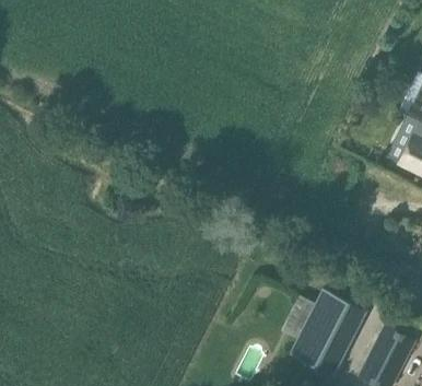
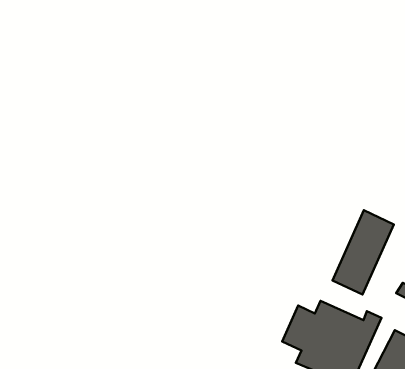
building: none -> [333,210,394,295]

